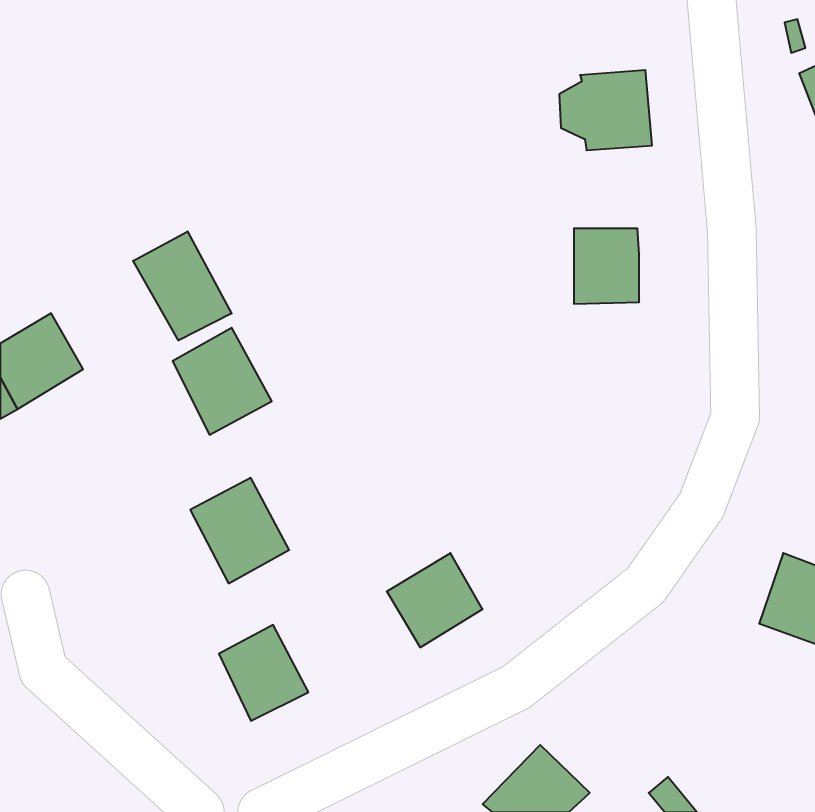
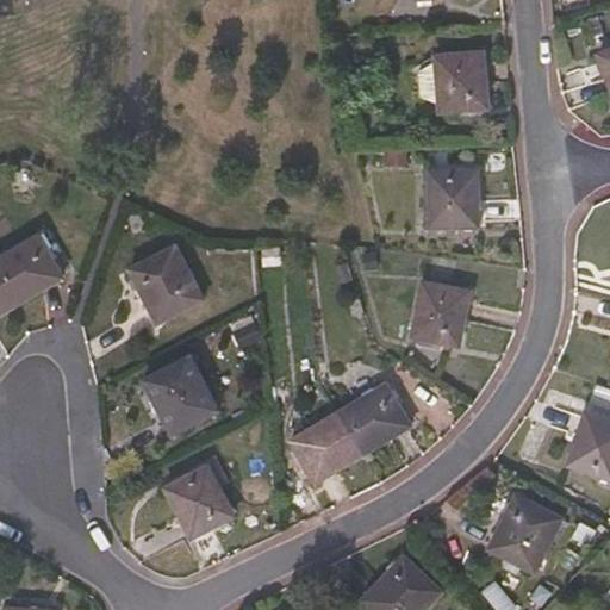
building: [133,231,232,340] -> none
building: none -> [410,281,469,349]
building: none -> [337,384,410,454]
building: none -> [487,494,560,572]

